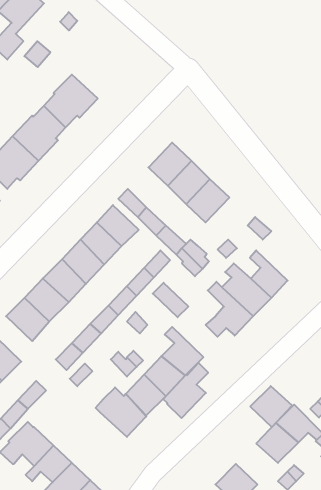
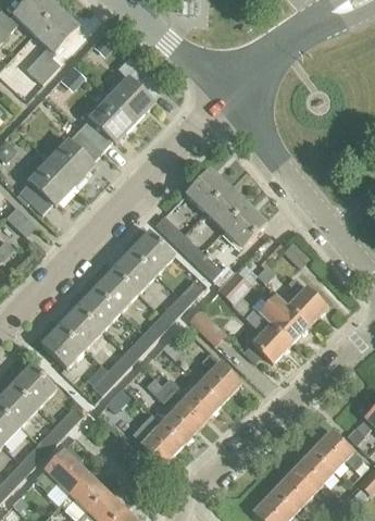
building: none -> [108,58,162,123]
building: [163,363,208,418] -> none
building: [250,386,292,427] -> [273,471,315,512]

